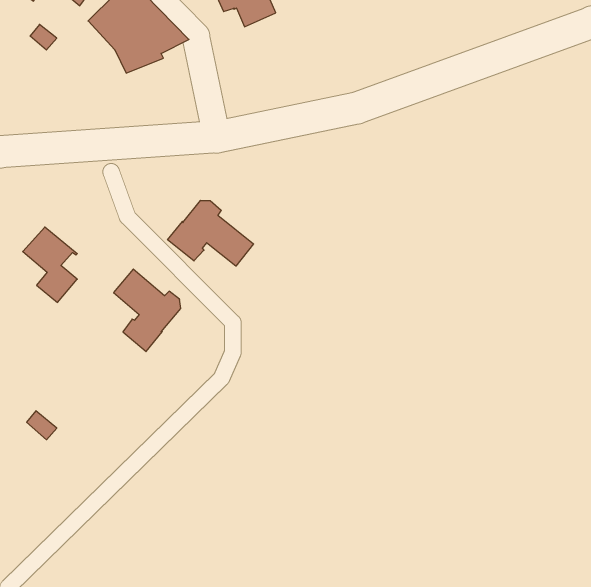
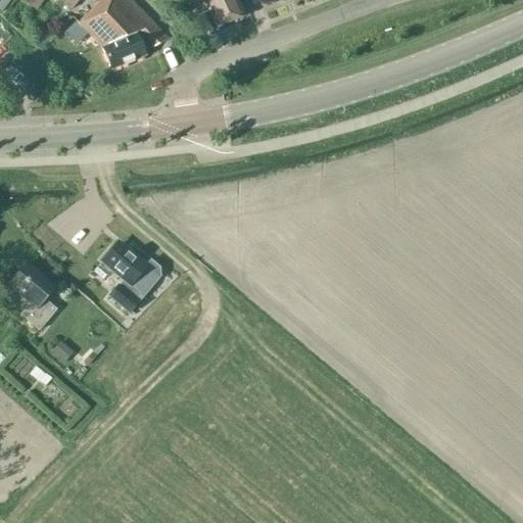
building: [168,200,254,266] -> none
building: [23,227,77,302] -> [8,259,56,326]

